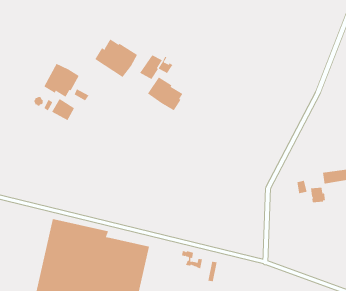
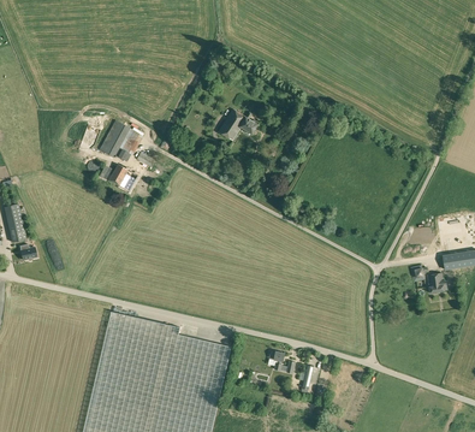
building: [95,39,138,78] -> none
building: [147,77,183,111] -> none

